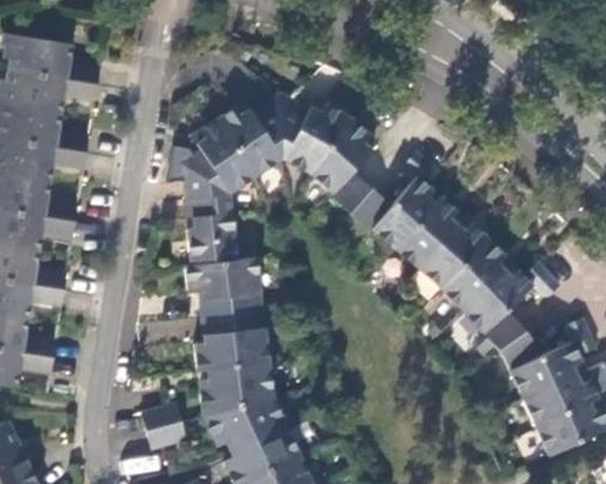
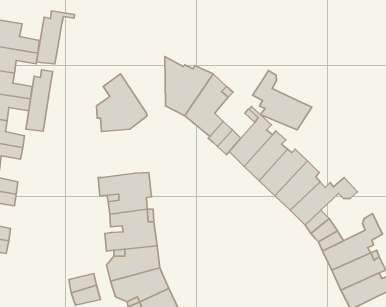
building: none -> [37,11,75,64]
building: [215,91,280,176] -> none
building: none -> [26,70,53,131]
building: none -> [253,70,312,130]
building: [185,196,237,266] -> none

